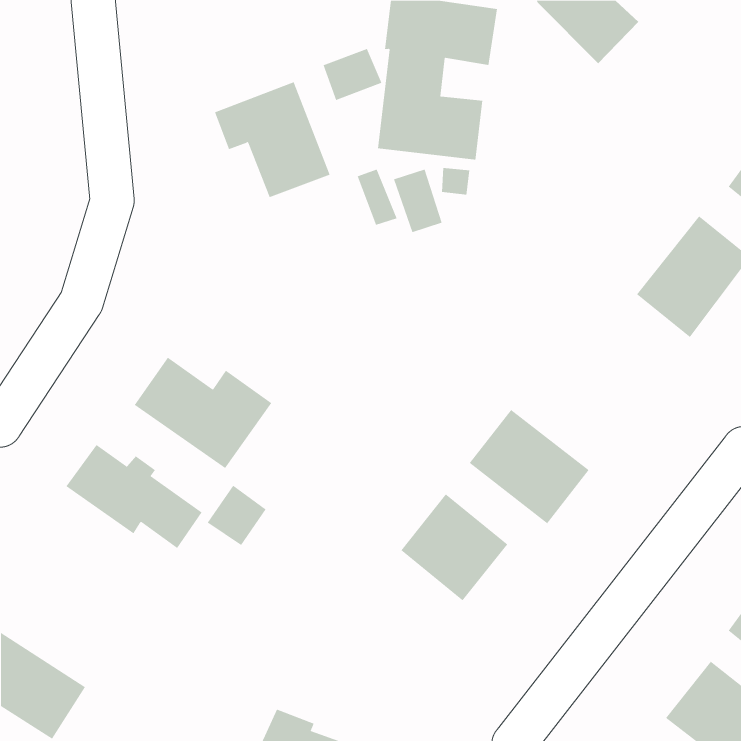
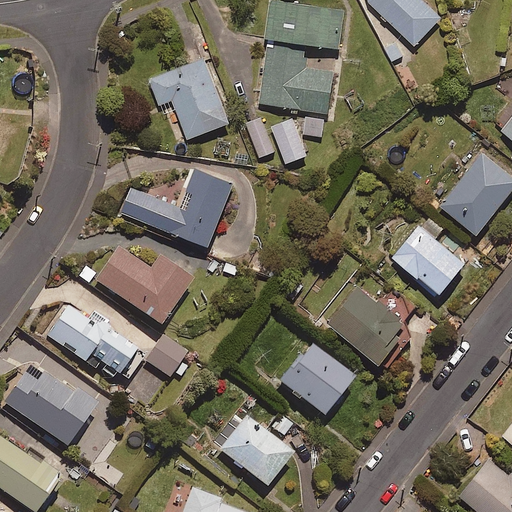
building: [323,48,382,101] -> none
building: none -> [122,169,232,245]
building: none -> [395,219,467,302]
building: none -> [6,362,96,444]
building: none -> [219,417,290,486]

